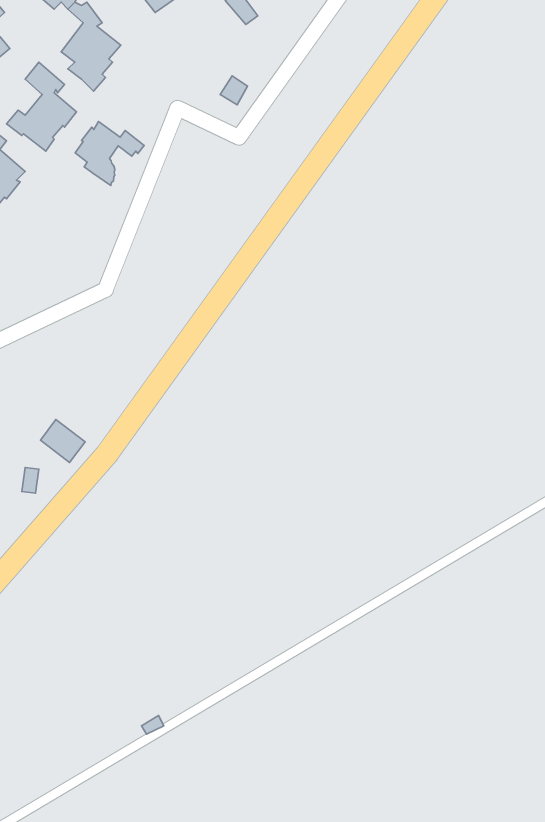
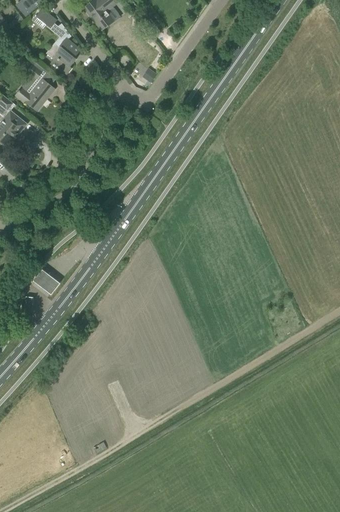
building: [75,122,144,185] -> none

